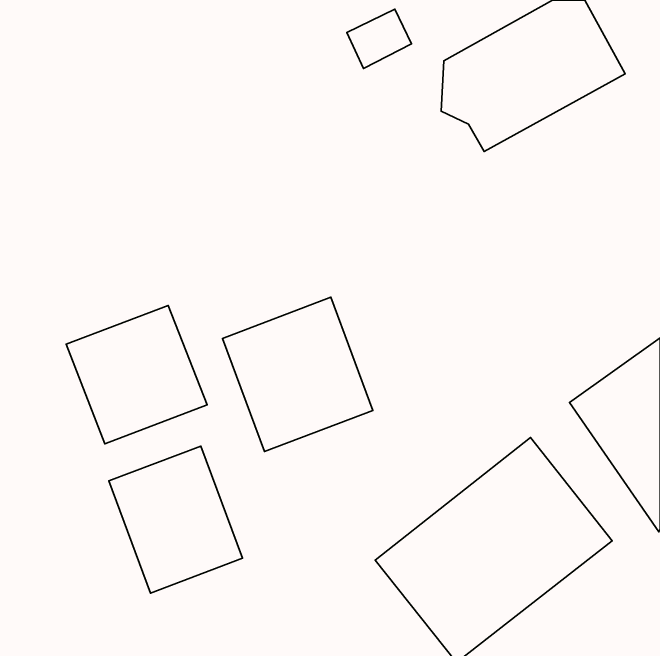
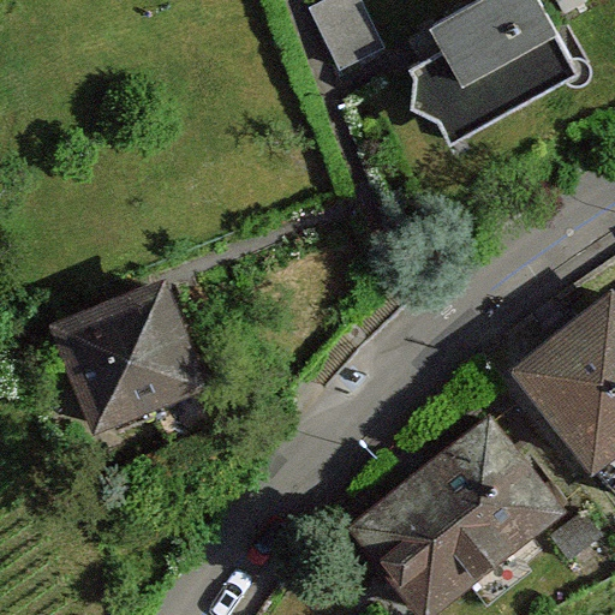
building: [223,297,373,451] -> none
building: [109,446,242,593] -> none

